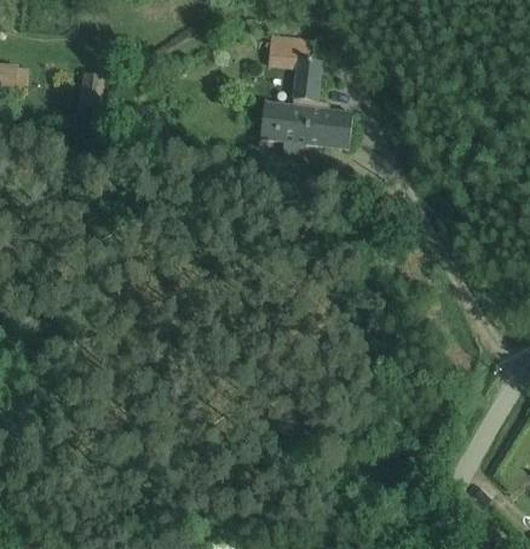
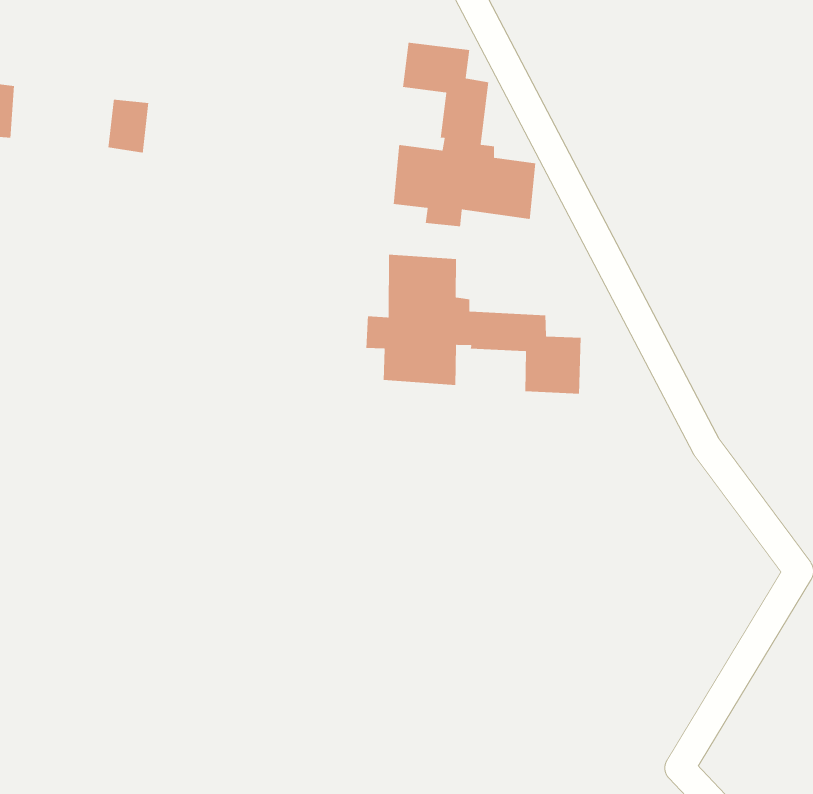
building: none -> [366,254,581,395]

